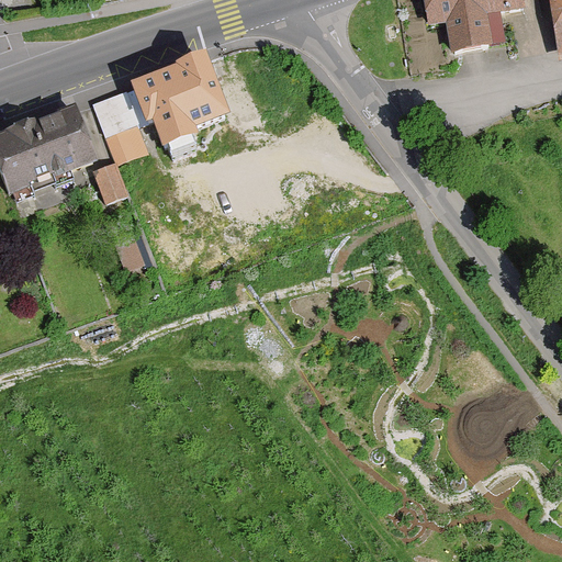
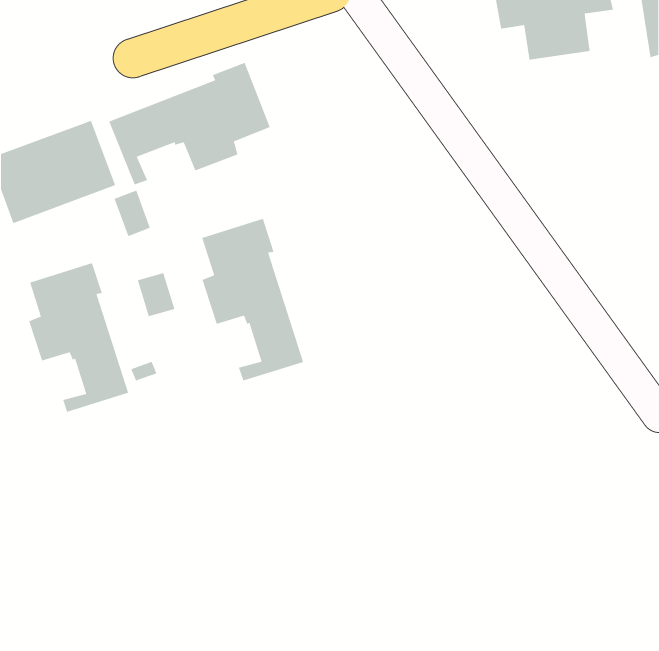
building: none -> [201,218,304,381]
building: none -> [28,262,129,413]

